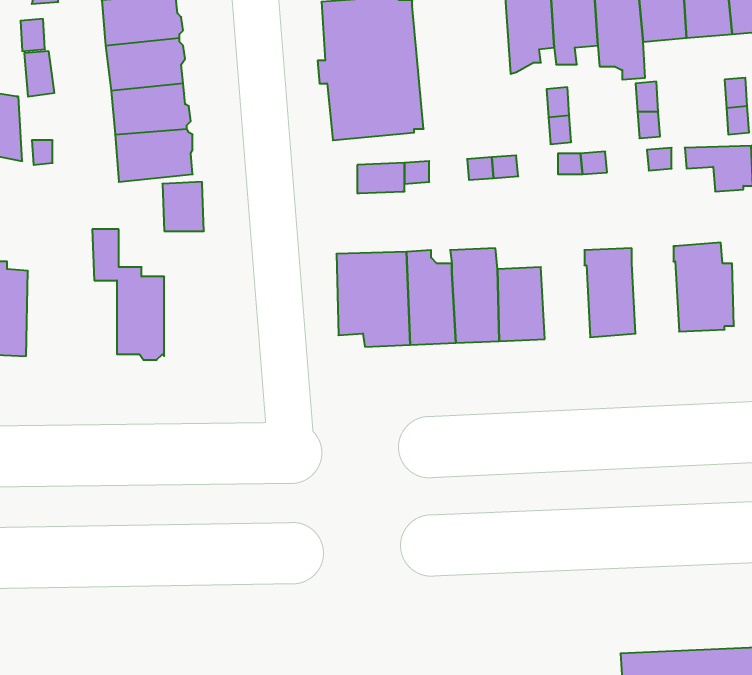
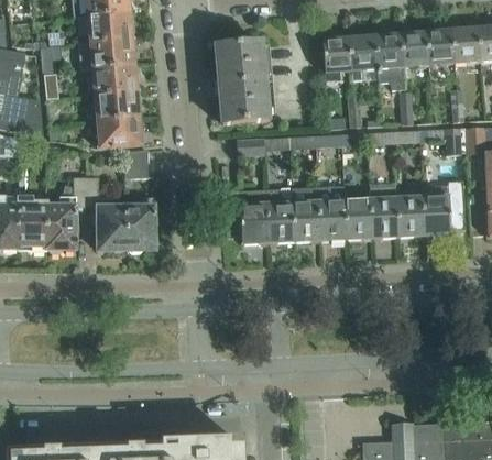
building: none -> [44,176,84,251]
building: none -> [396,195,424,237]
building: none -> [343,197,372,240]
building: none -> [124,199,157,252]

